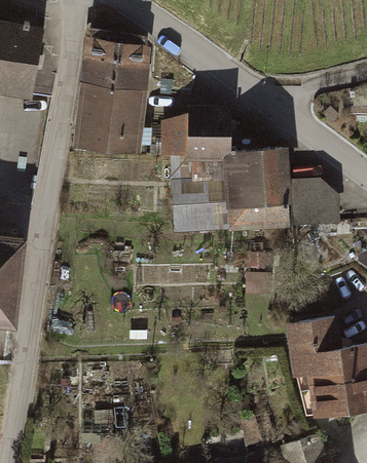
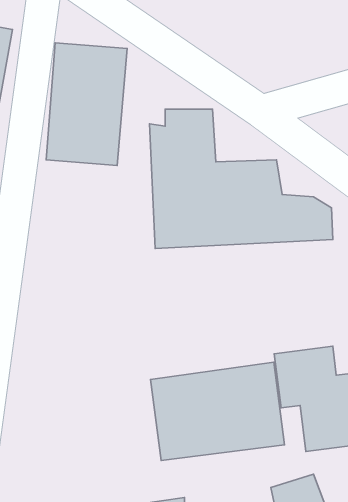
building: none -> [151,362,285,461]

